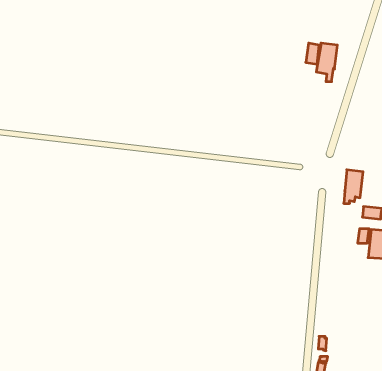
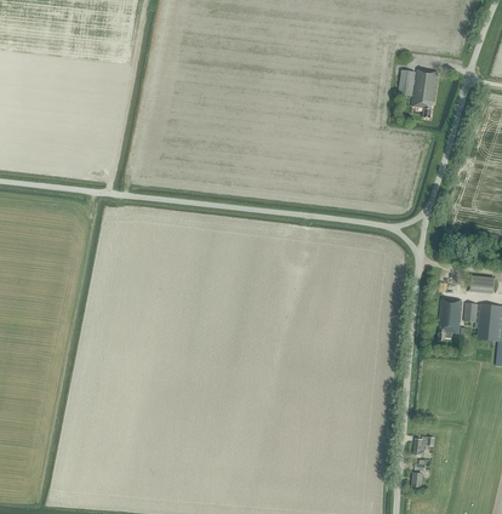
building: [344,170,363,203] -> [438,298,462,341]

